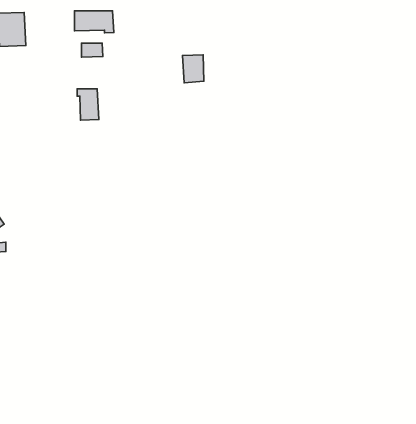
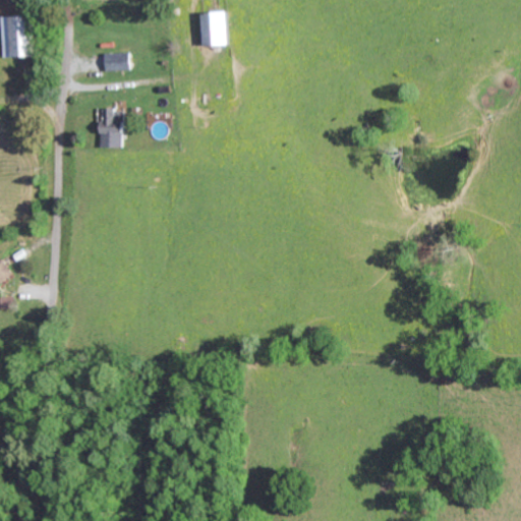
building: [74,11,114,33] -> none
building: [182,55,204,83] -> [200,12,227,47]

